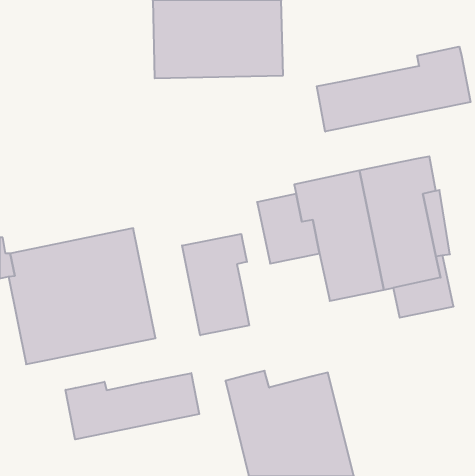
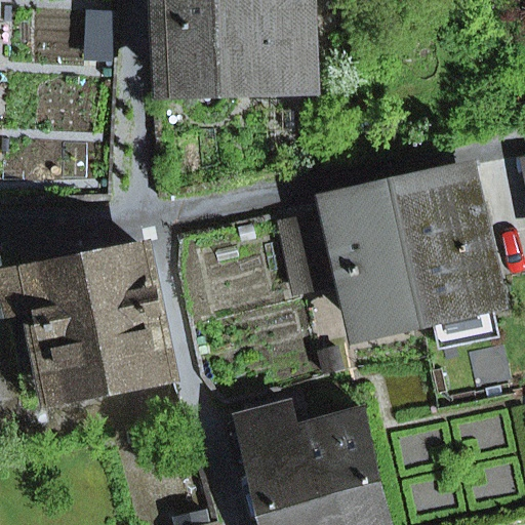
building: [317,47,471,132] -> none
building: [182,234,249,335] -> none
building: [66,373,199,439] -> none

